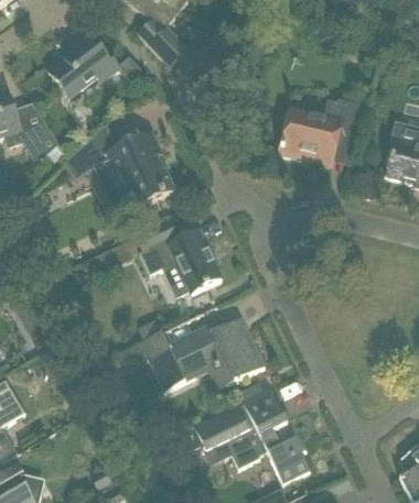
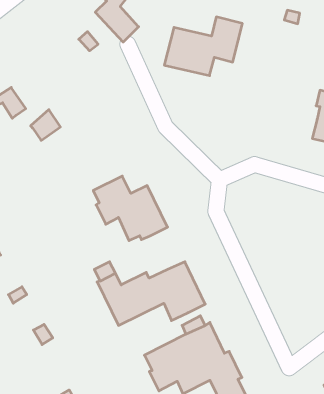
building: [47,30,118,96] -> none
building: [278,97,367,164] -> [164,17,242,76]
building: [108,132,172,208] -> none

